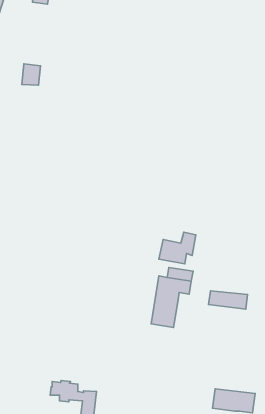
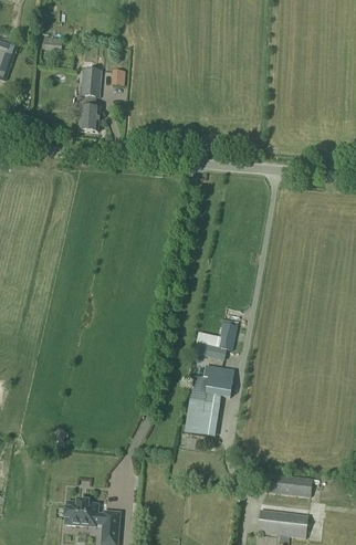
building: none -> [82,67,102,95]
building: [22,64,40,85] -> [78,105,101,130]
building: [209,291,248,309] -> [266,473,313,495]

